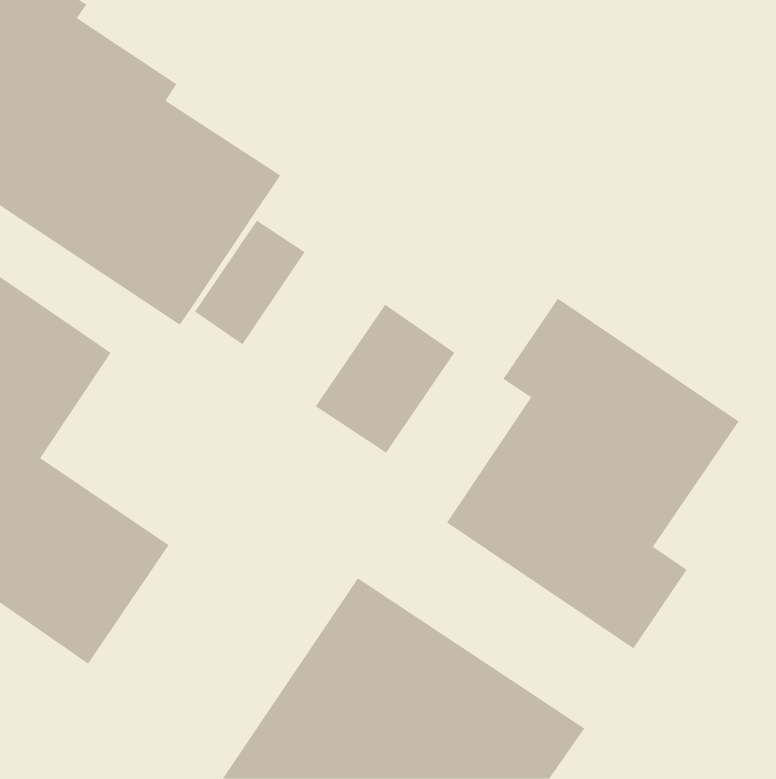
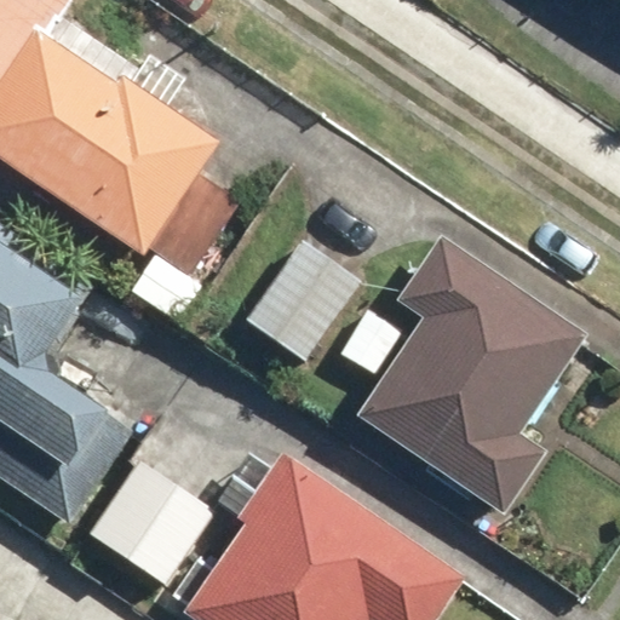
building: none -> [88,460,213,584]

